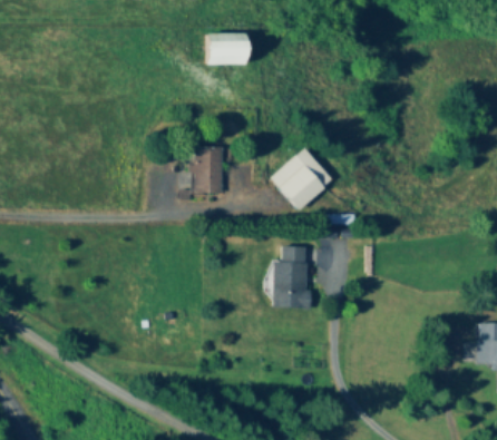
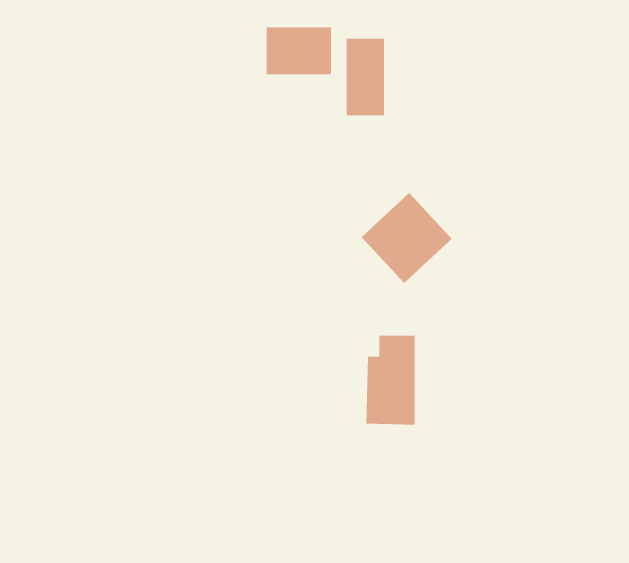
building: none -> [346,38,385,116]
building: [193,146,221,193] -> none

